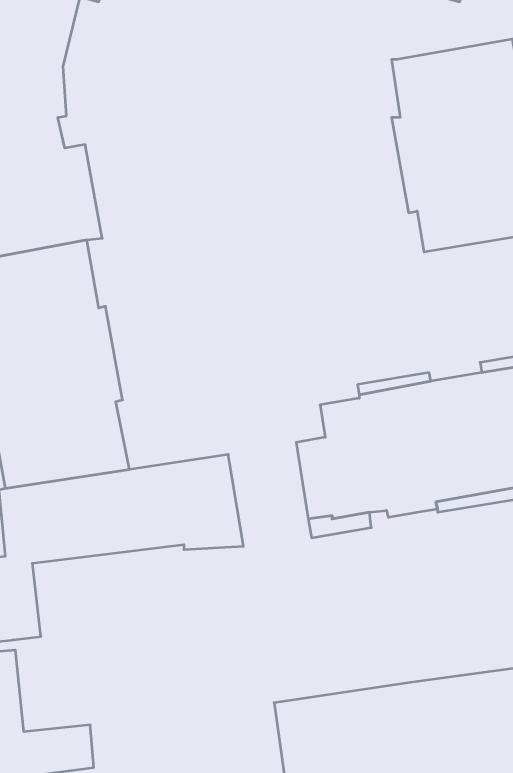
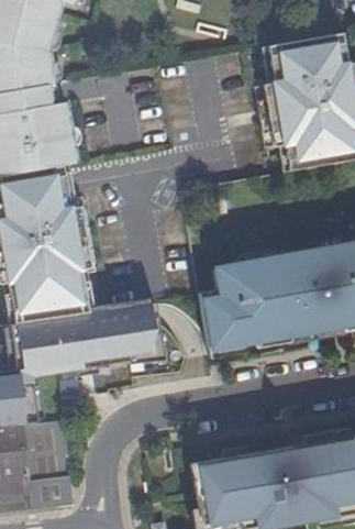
building: none -> [23,416,73,481]

